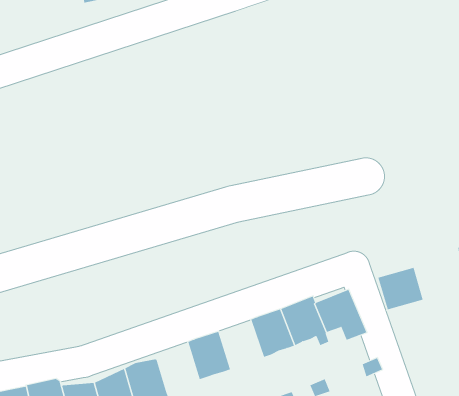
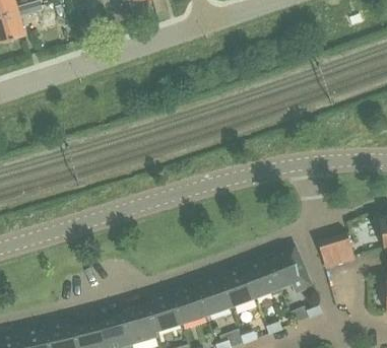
building: none -> [195,275,230,314]
building: none -> [146,292,180,330]

